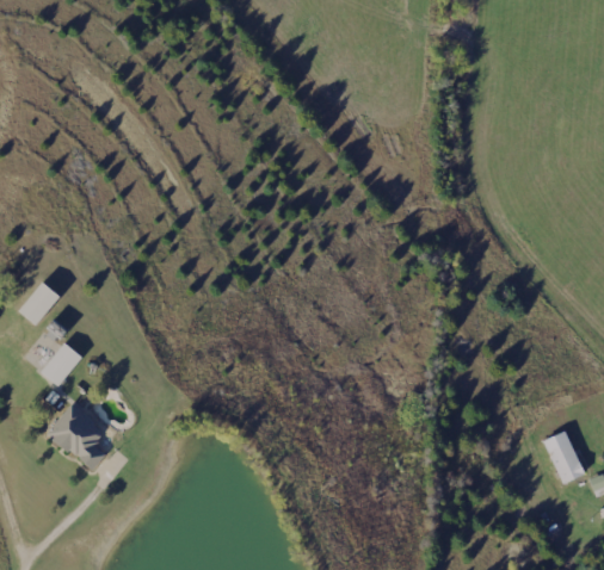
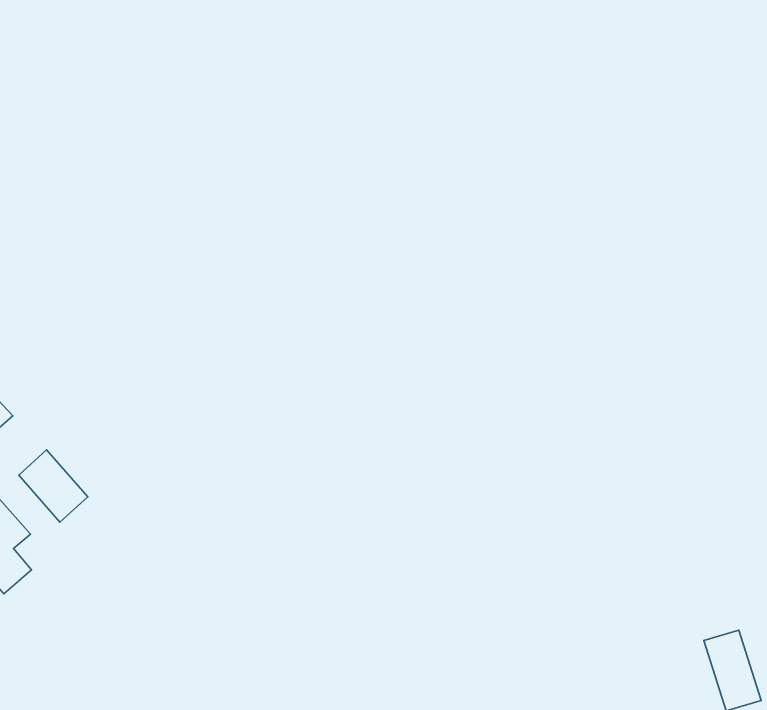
building: none -> [19,450,88,522]

